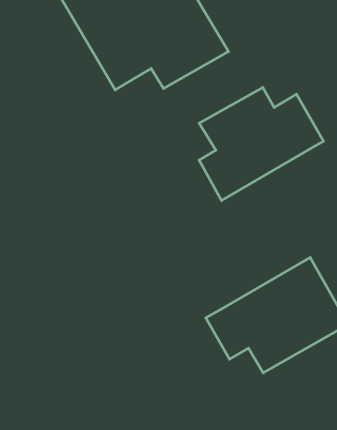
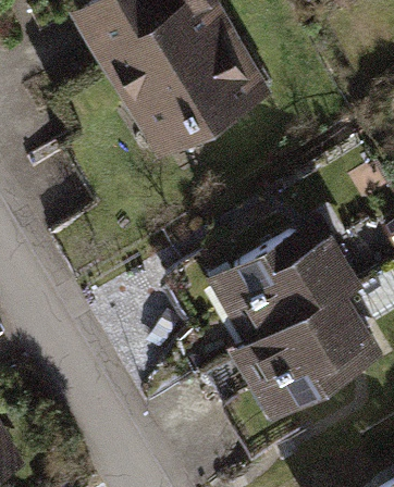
building: [199,87,323,200] -> [232,235,353,345]

